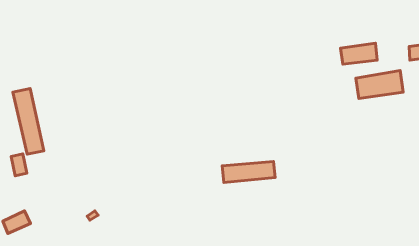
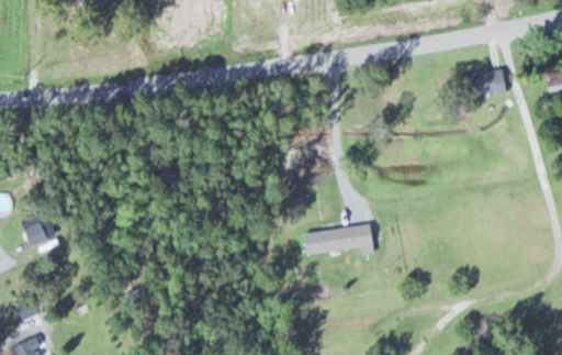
building: [356,71,403,99] -> none
building: [13,88,44,154] -> none

